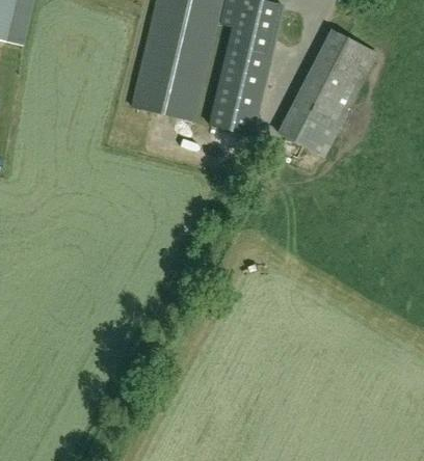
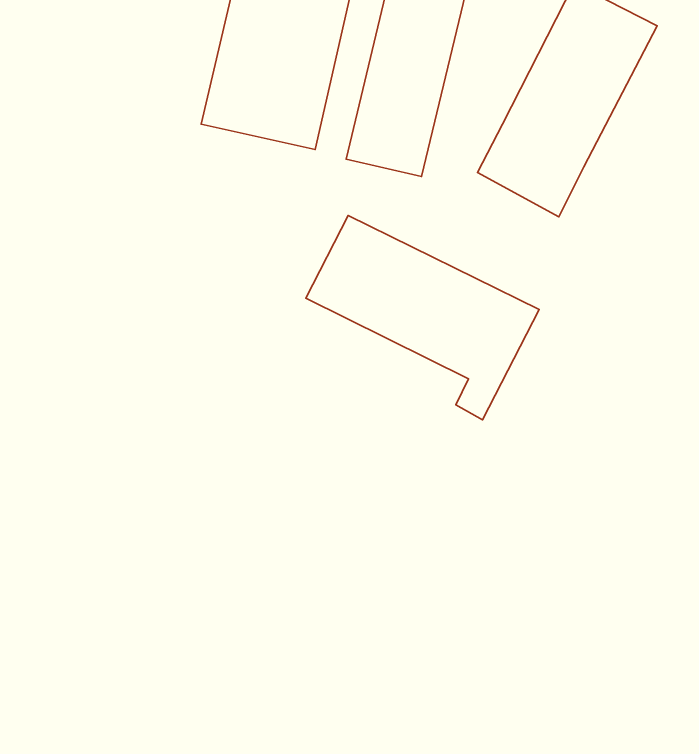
building: none -> [306,215,539,420]

